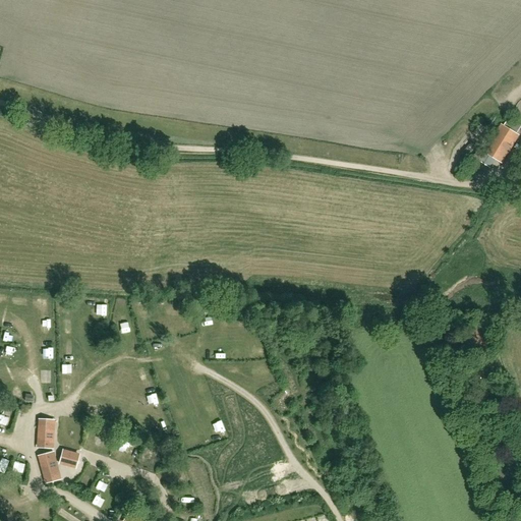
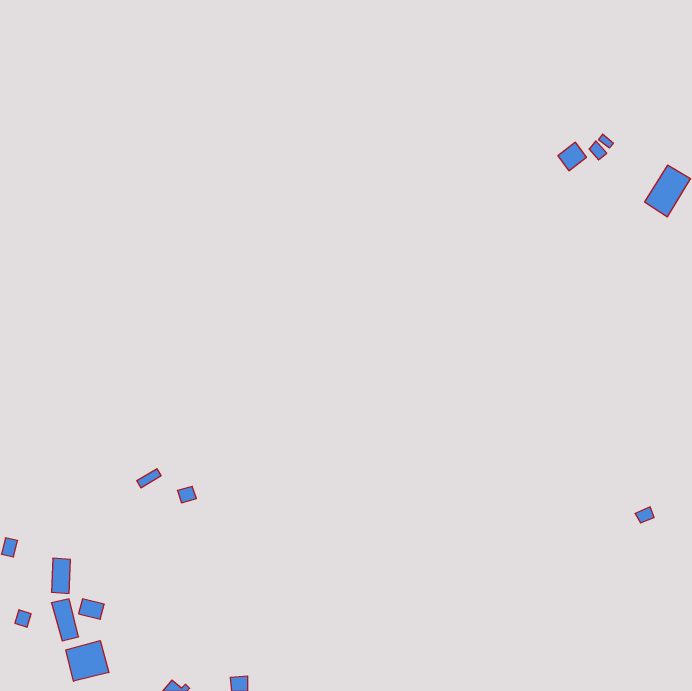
building: none -> [66,641,109,681]

